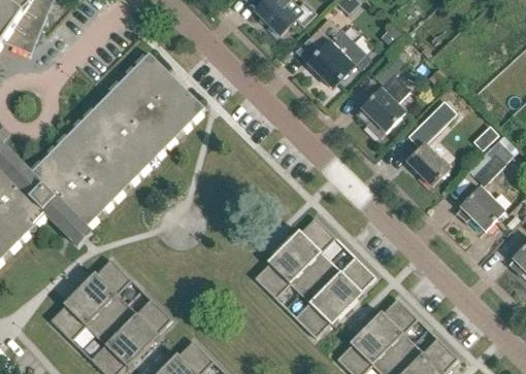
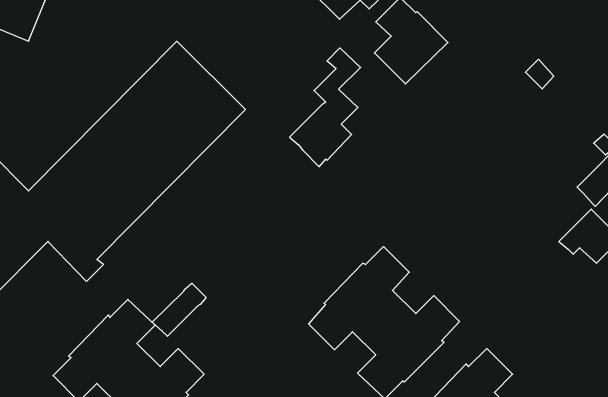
building: [356,42,413,137] -> [290,48,361,167]
building: [406,100,456,185] -> none
building: none -> [152,283,206,336]

